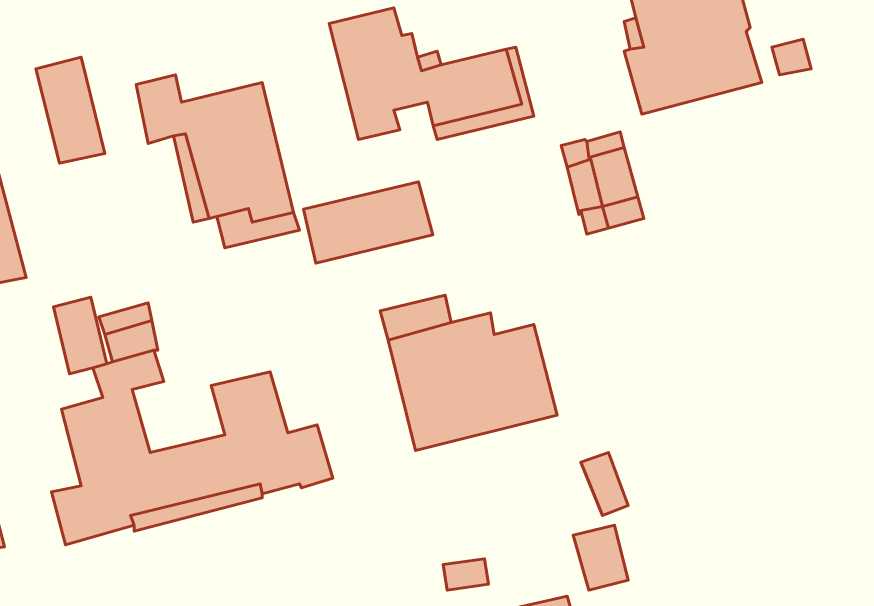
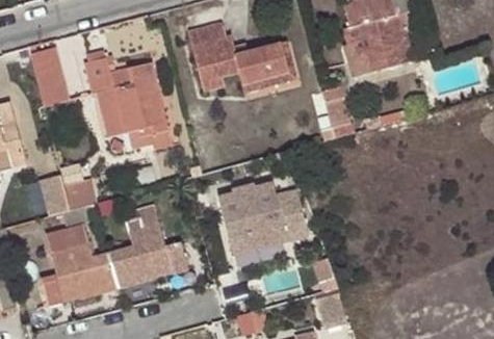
building: [304,182,433,263] -> none

